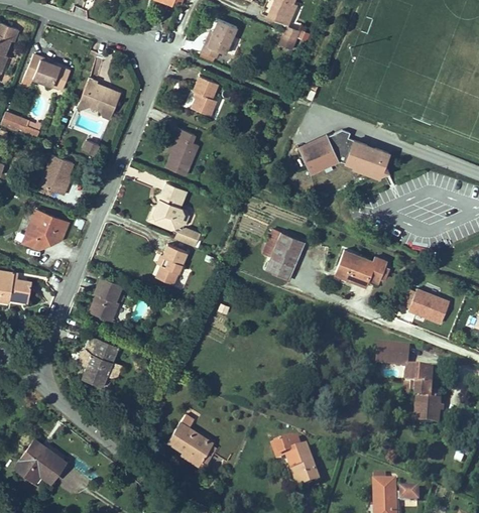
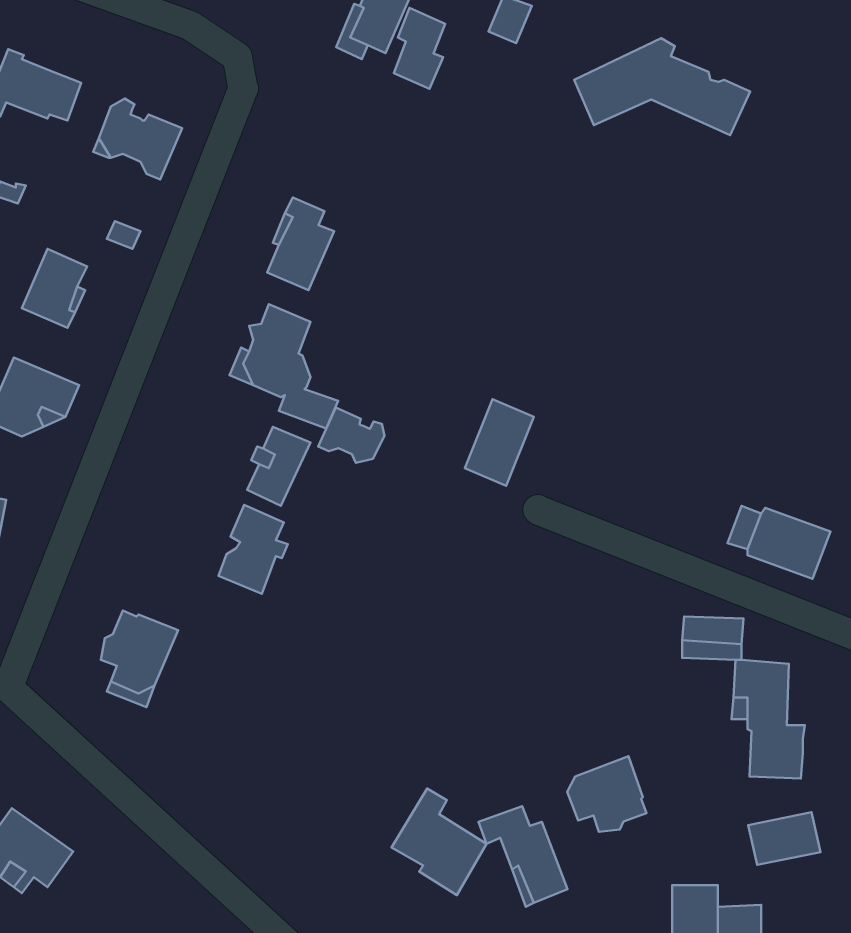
building: [192,77,218,118] -> [394,8,445,89]
building: [298,128,388,177] -> [574,38,750,135]
building: none -> [318,407,384,463]
building: [334,249,389,284] -> none
building: [88,278,123,324] -> [219,505,288,594]
building: none -> [567,756,647,832]
building: [166,414,215,469] -> [392,788,486,895]
building: none -> [748,812,820,865]

